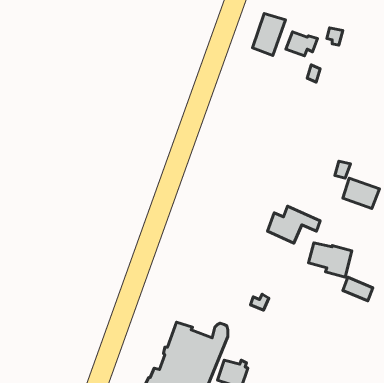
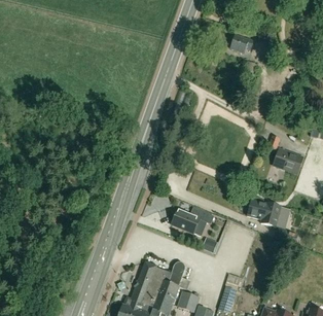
building: [252,13,285,56] -> none
building: [268,206,320,243] -> [172,204,213,233]

